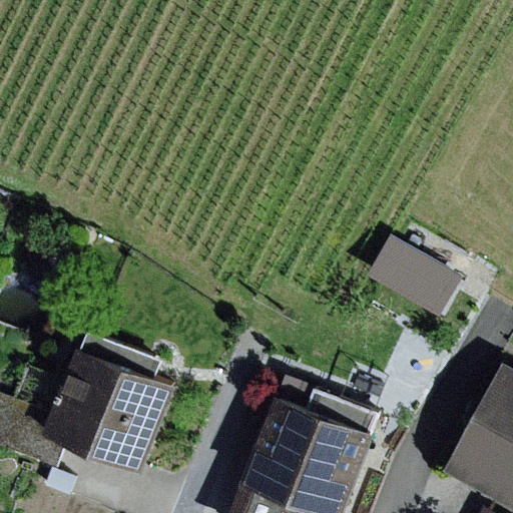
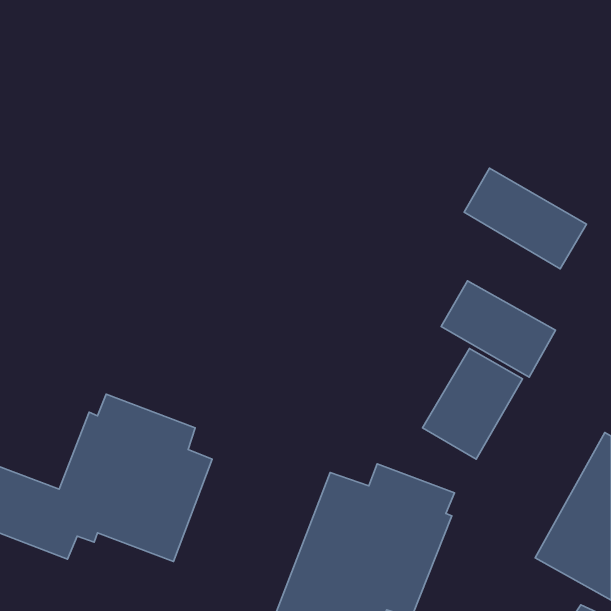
building: none -> [464,168,587,269]
building: none -> [422,349,522,459]

